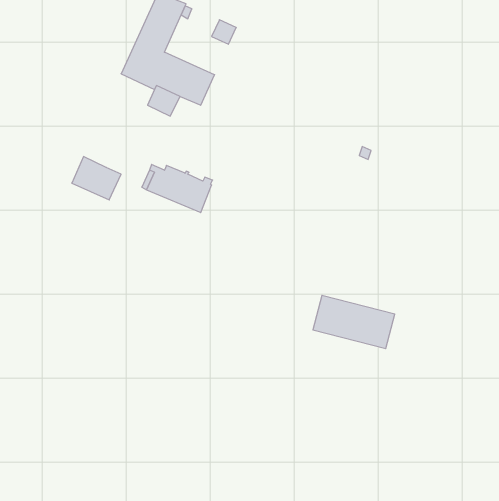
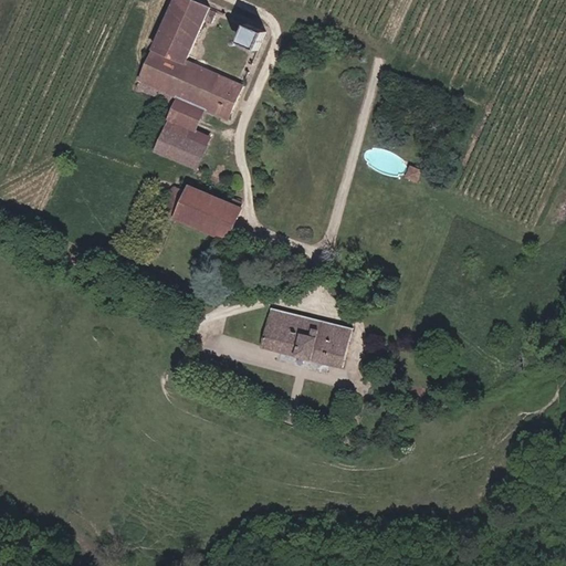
building: [72,157,121,200] -> [153,118,208,167]
building: [313,295,395,349] -> [258,306,349,366]

